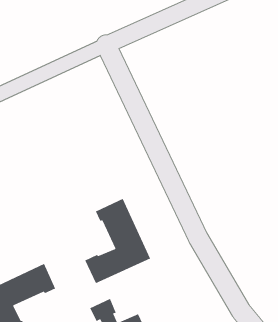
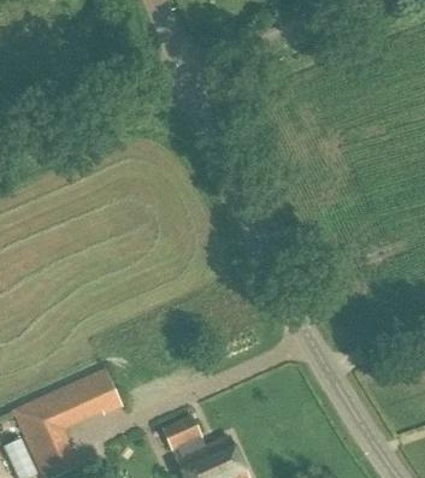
building: [84,198,151,284] -> none

